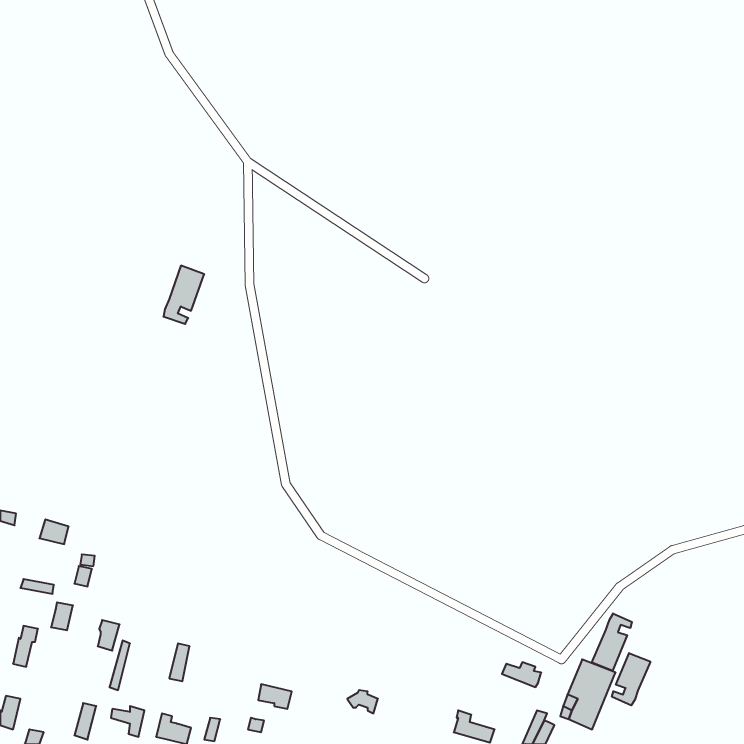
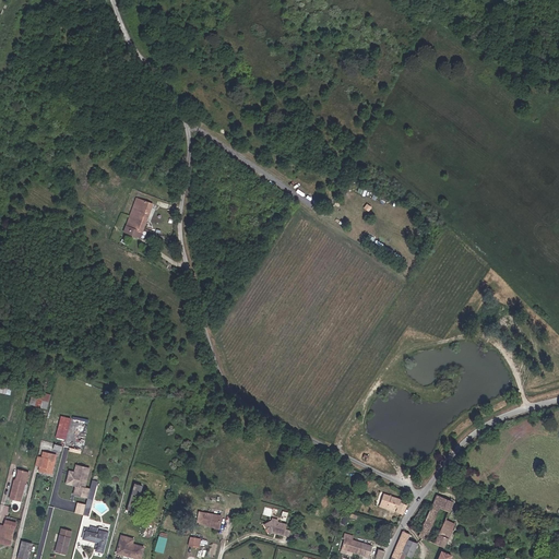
building: [592,613,632,671] -> none
building: [612,653,650,705] -> none

